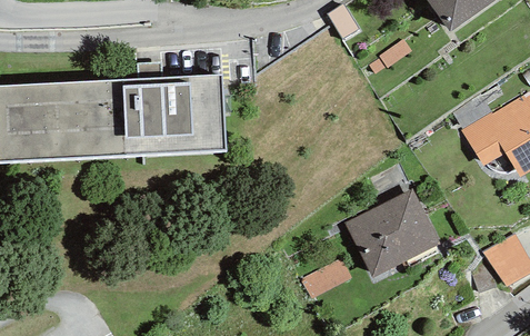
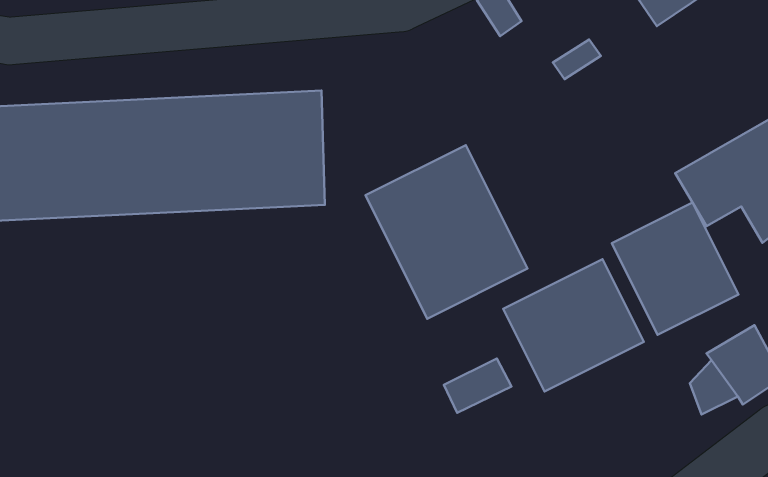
building: none -> [365,145,527,319]
building: none -> [612,203,738,335]

